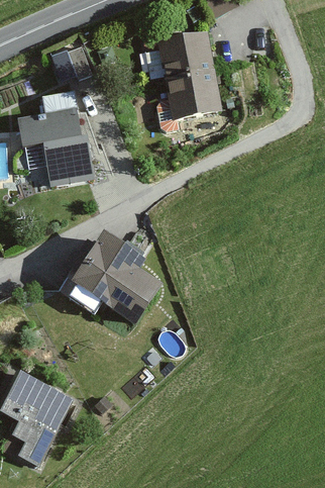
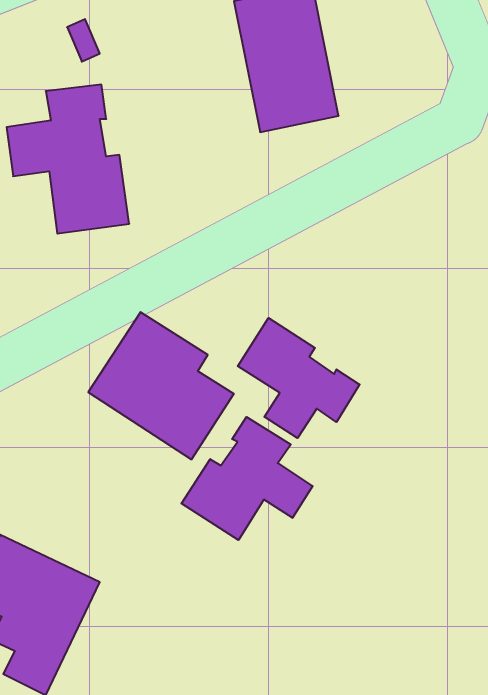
building: none -> [238,318,360,438]
building: none -> [181,417,313,540]

